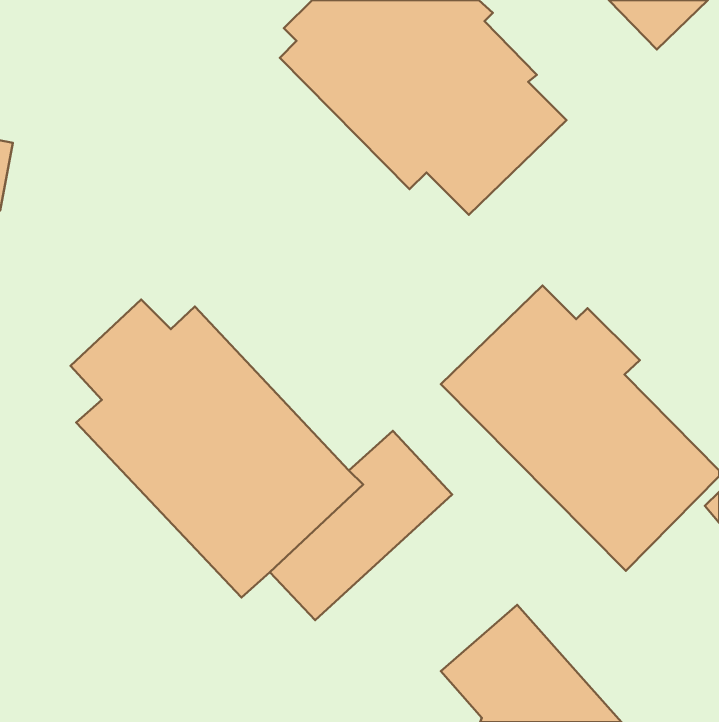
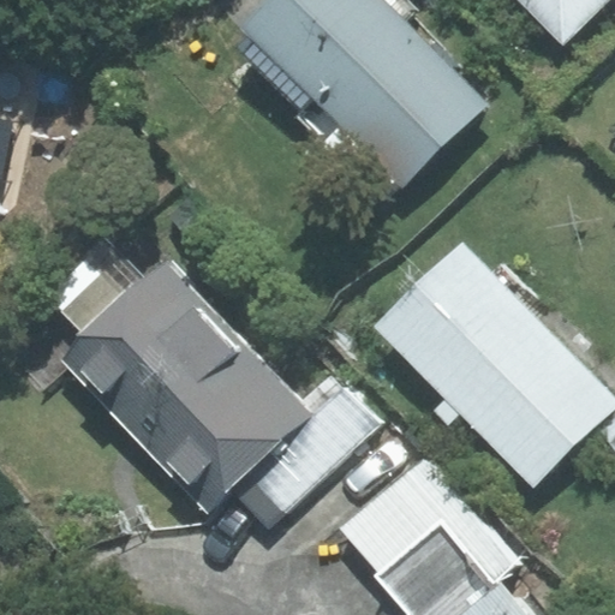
building: none -> [340,452,520,578]

